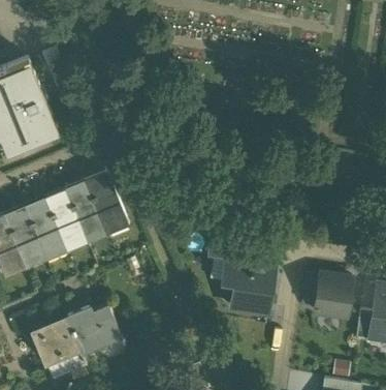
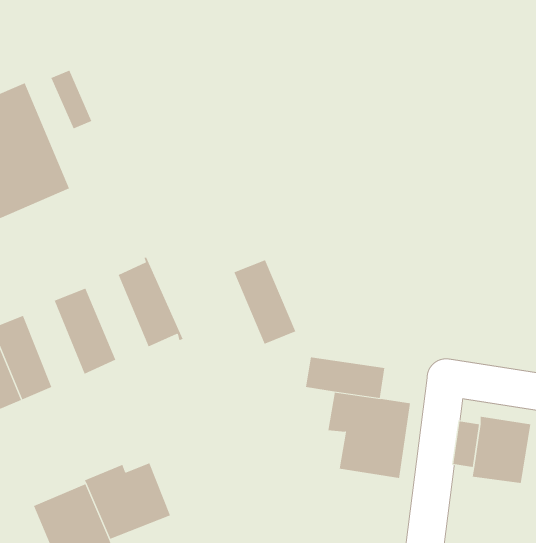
building: [66,184,106,239] -> [234,259,296,344]
building: [26,201,65,257] -> none

